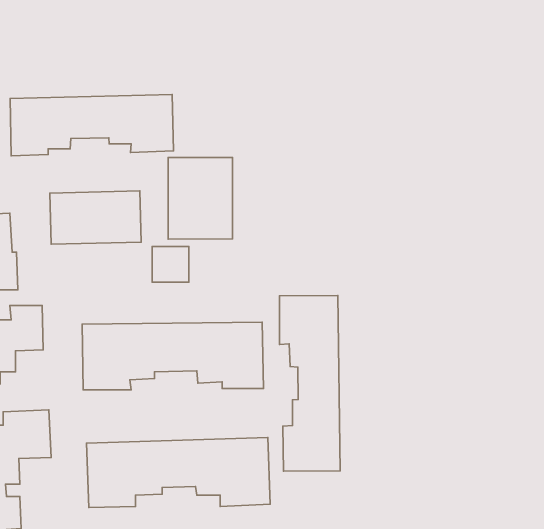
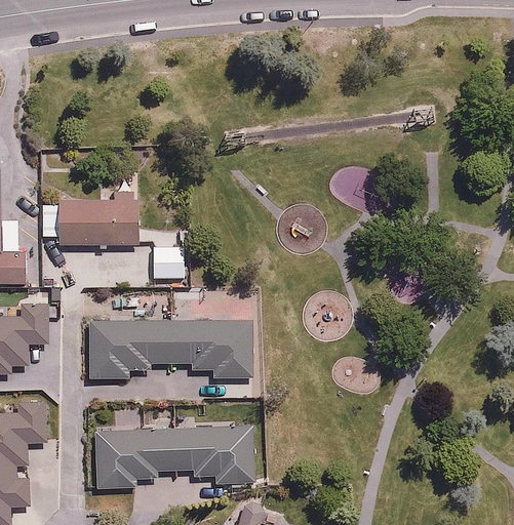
building: [10,94,173,156] -> none
building: [168,157,233,239] -> none
building: [279,295,340,471] -> none

